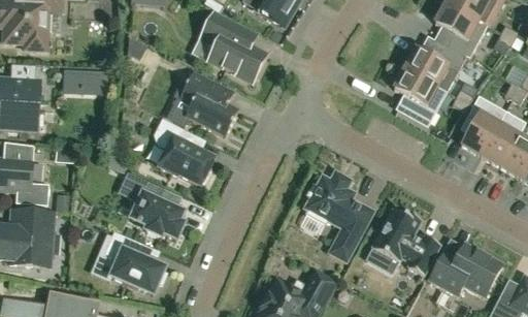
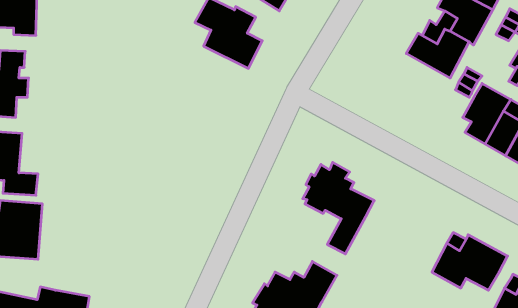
building: [64,68,107,93] -> none
building: [393,68,447,126] -> none
building: [178,72,237,136] -> none
building: [153,119,212,185] -> none
building: [119,172,183,240] -> none
building: [365,210,439,276] -> none
building: [103,231,166,294] -> none

